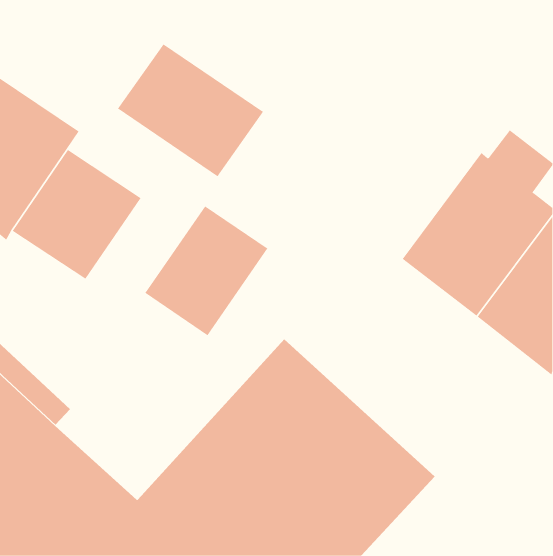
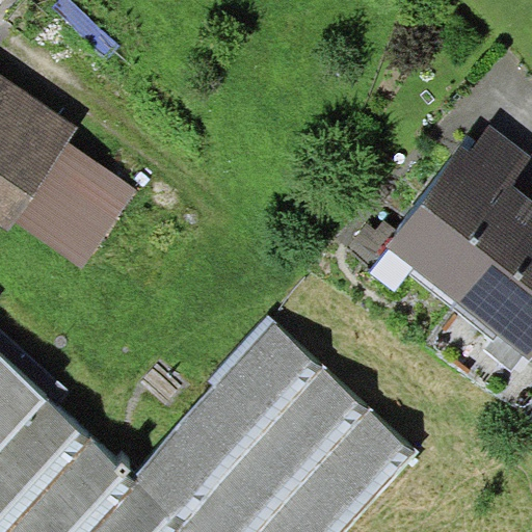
building: [117,43,264,177] -> none
building: [144,205,268,336] -> none

